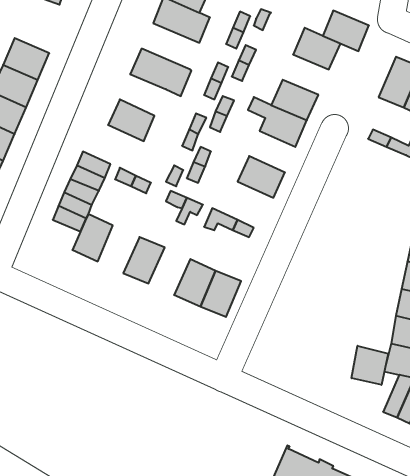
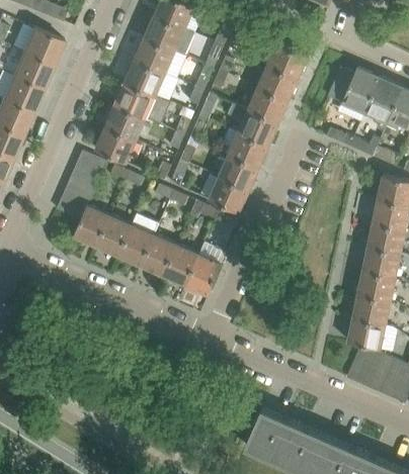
building: none -> [22,26,63,64]
building: [323,11,369,51] -> [257,65,298,100]
building: none -> [134,37,185,78]
building: none -> [114,82,155,118]
building: none -> [94,126,136,163]
building: none -> [228,131,268,168]
building: none -> [208,176,249,212]
building: none -> [95,214,132,256]
building: none -> [140,233,176,275]
building: [352,346,388,385] -> none

